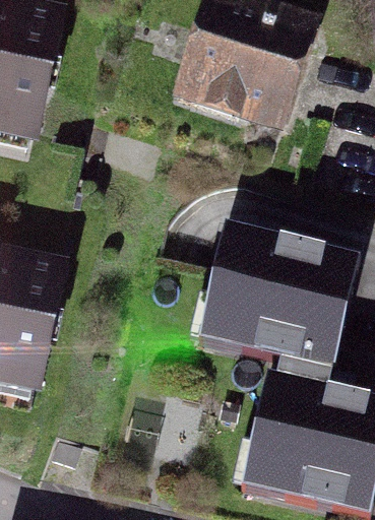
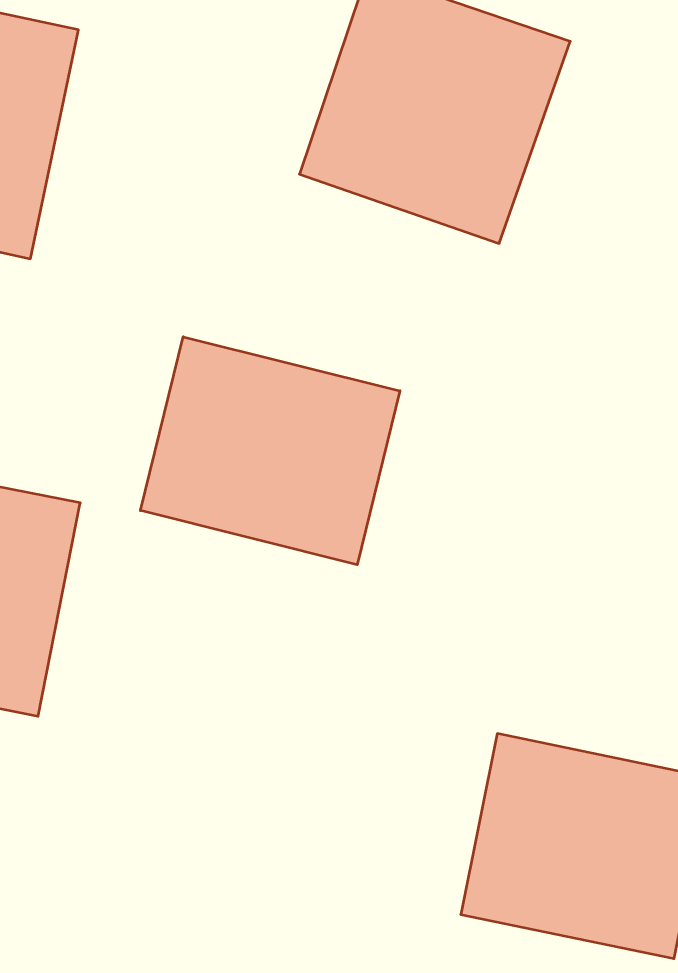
building: none -> [140,337,400,565]
building: [205,236,354,367] -> none

